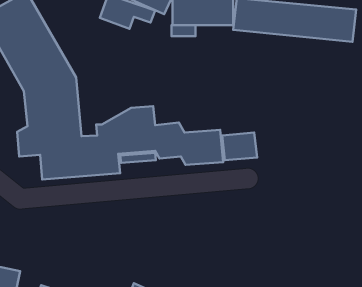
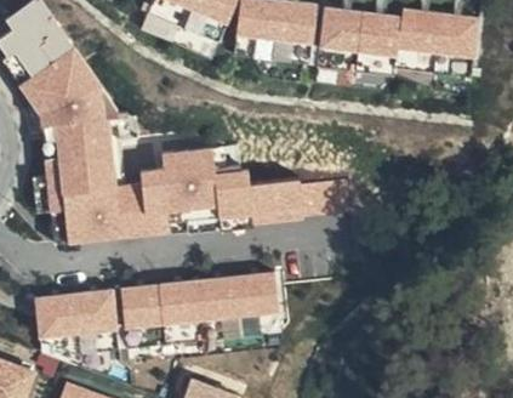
building: none -> [33,272,280,335]

